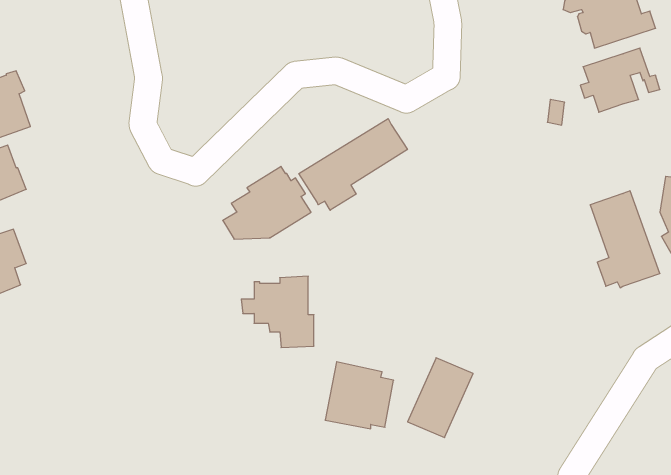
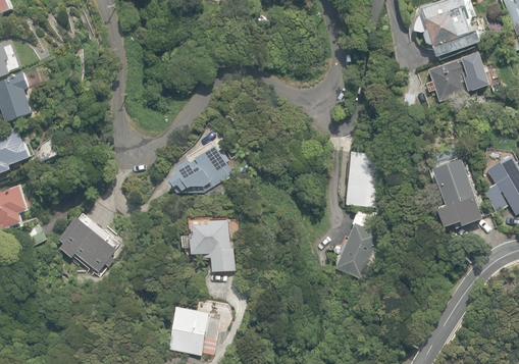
building: [299,119,407,210] -> none
building: none -> [345,151,382,208]
building: none -> [58,213,119,271]
building: [408,358,473,438] -> [332,221,379,278]
building: [325,362,394,429] -> [169,306,218,354]

